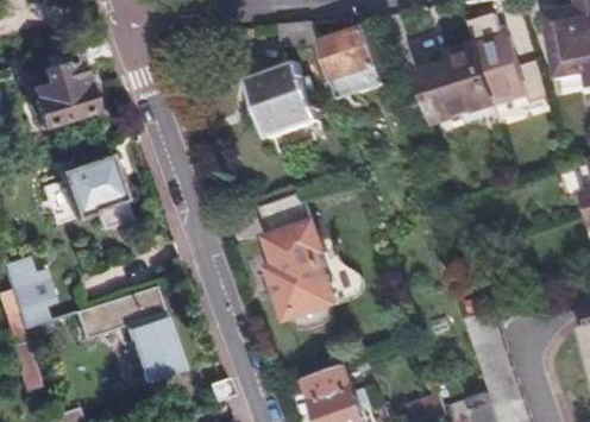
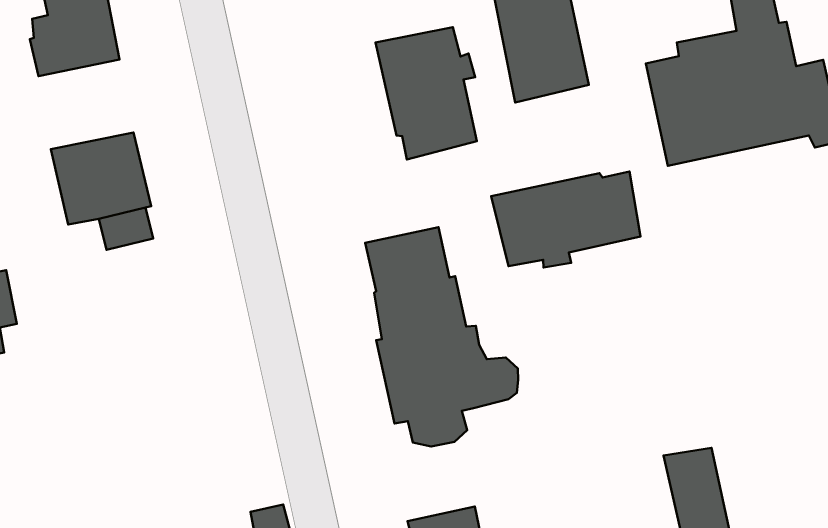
building: none -> [491,171,641,268]
building: [70,285,178,383] -> none

